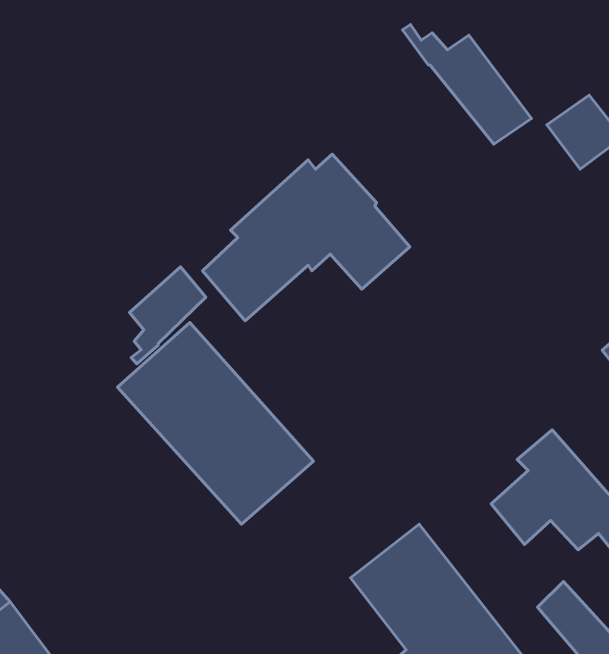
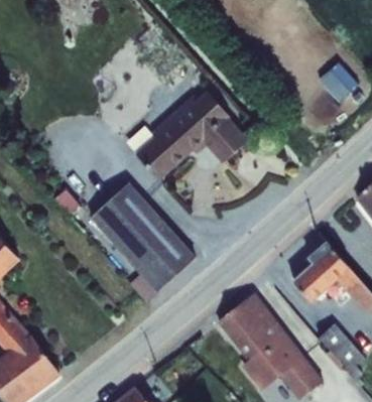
building: [402,24,532,144] -> none
building: [129,267,206,364] -> none

